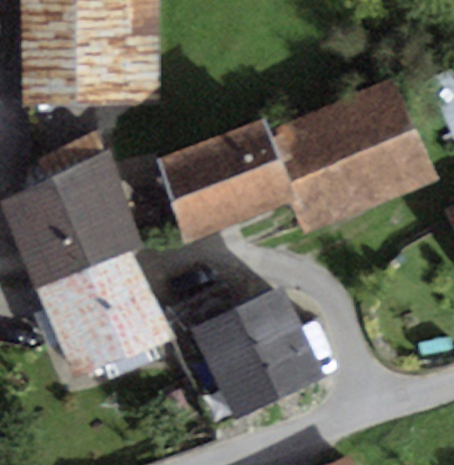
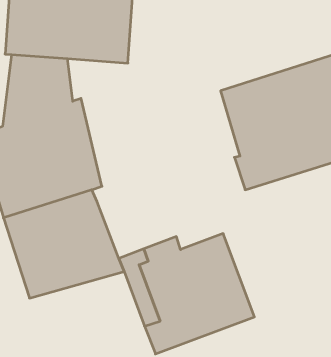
building: [156,118,295,243] -> none

